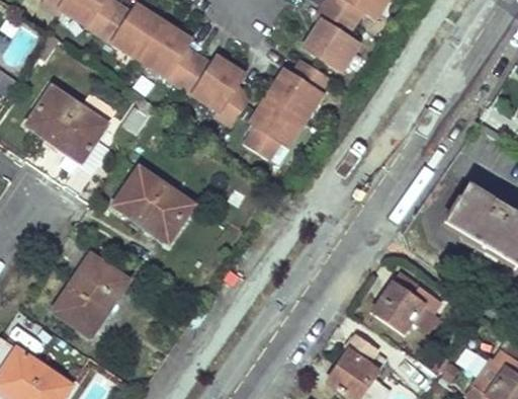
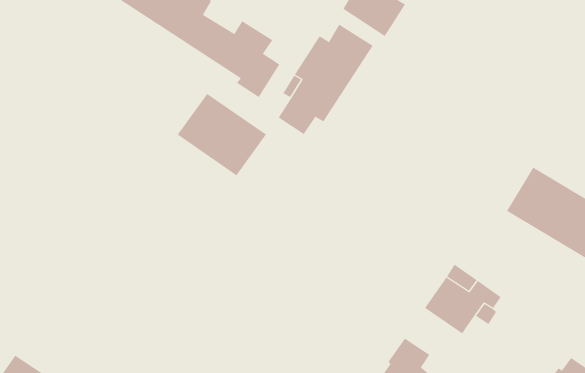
building: [24,87,104,160] -> none
building: [113,168,192,241] -> [177,93,267,176]
building: [52,254,126,335] -> none

